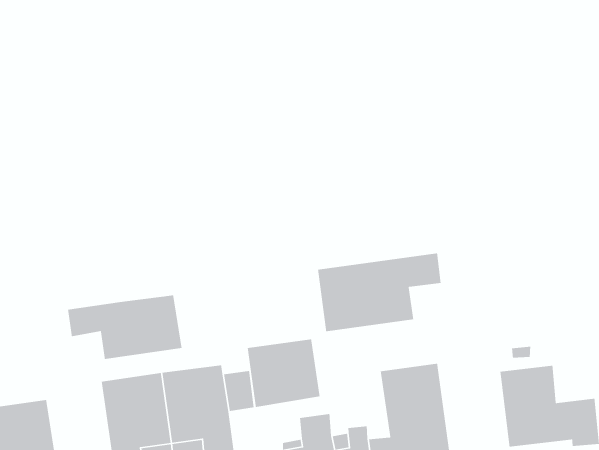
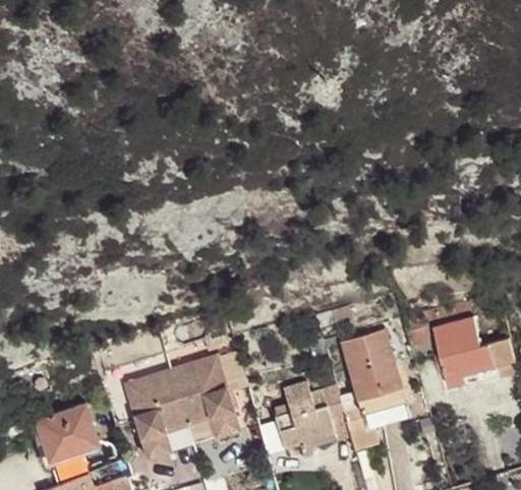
building: [317,252,442,332] -> none
building: [67,294,183,360] -> none
building: [247,339,321,408] -> none

